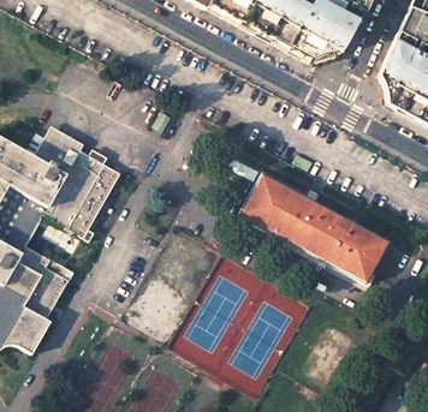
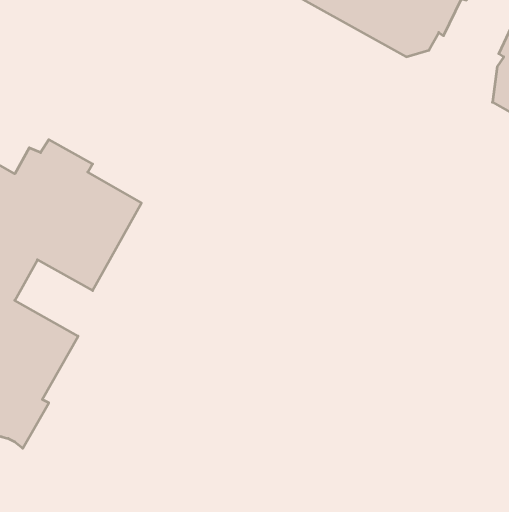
building: [234,173,386,281] -> none

